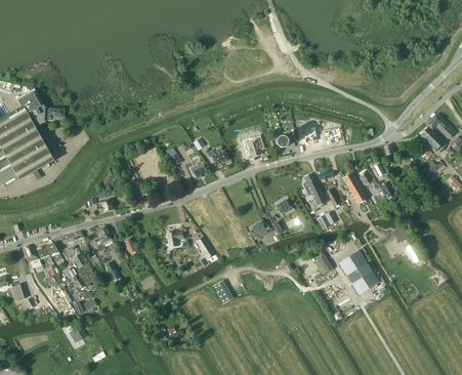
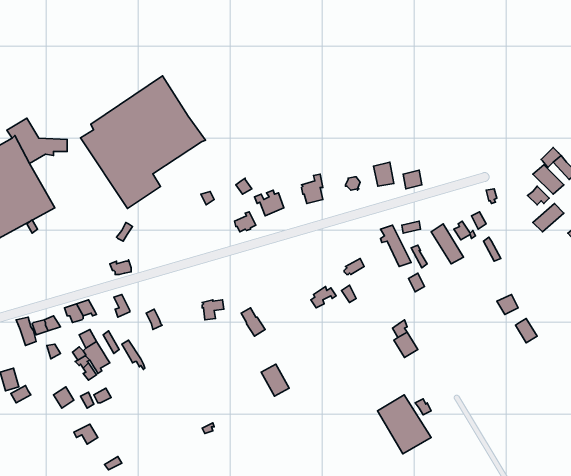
building: none -> [81,76,205,209]
building: [338,250,379,295] -> [378,395,431,454]

